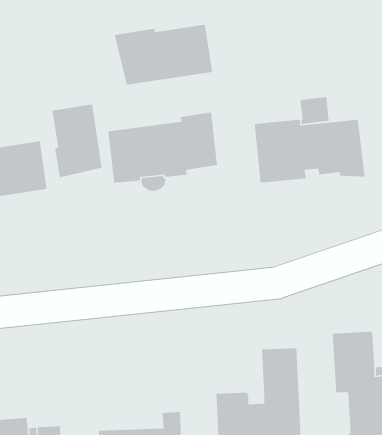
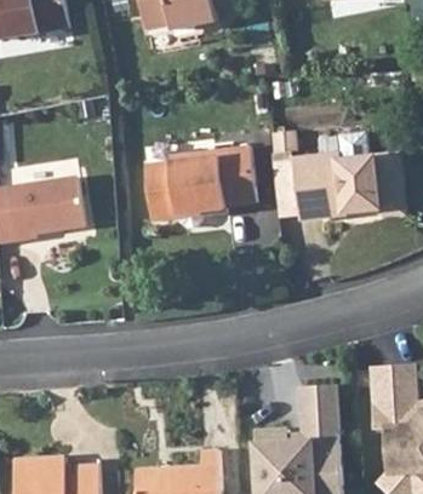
building: [114,24,213,85] -> none
building: [52,104,102,178] -> none

